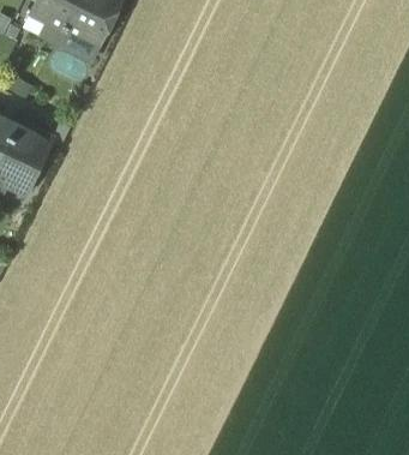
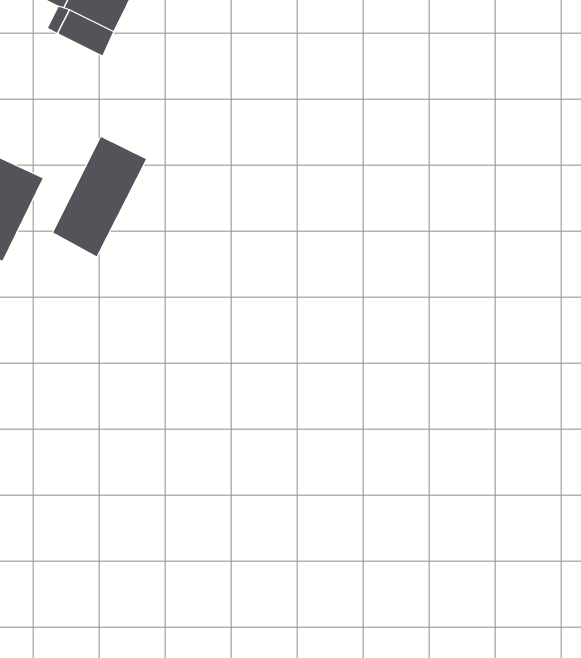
building: none -> [53,136,147,257]

